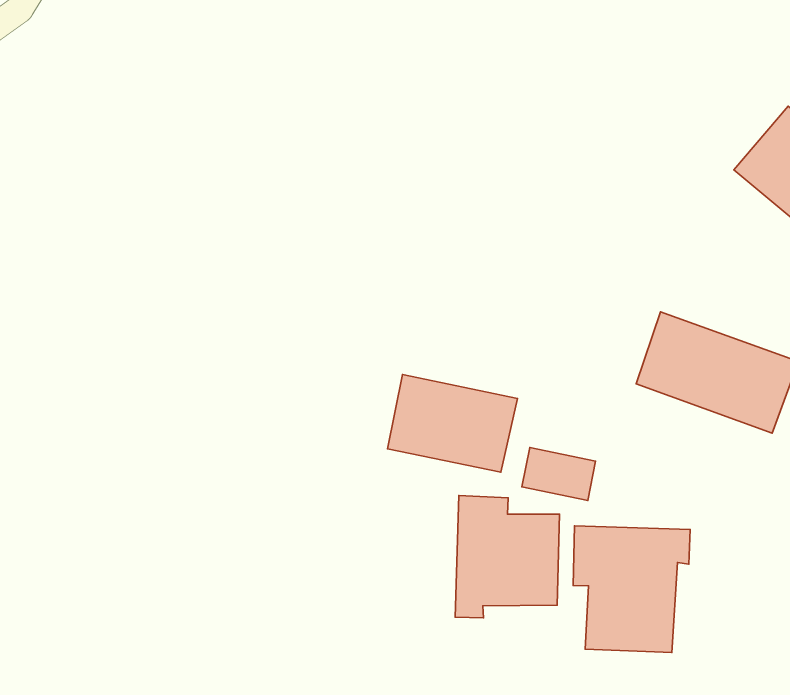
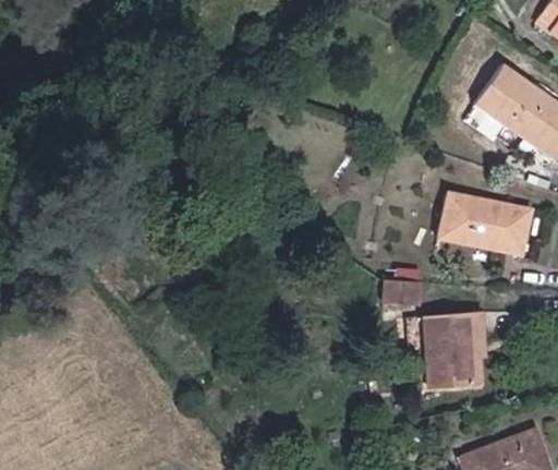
building: [387,375,517,472] -> none
building: [455,496,560,618] -> none

